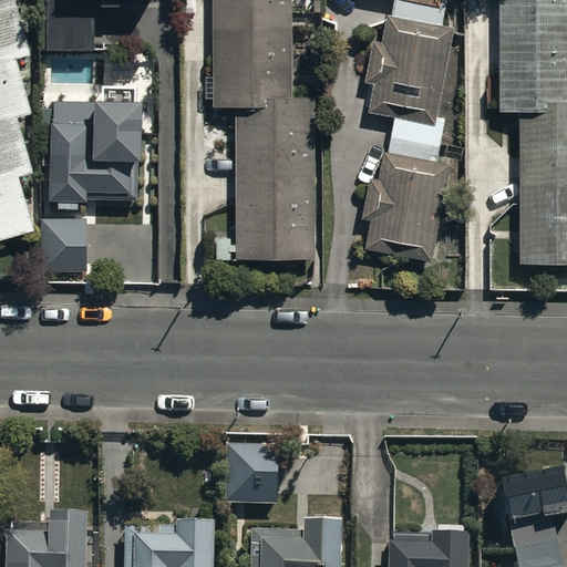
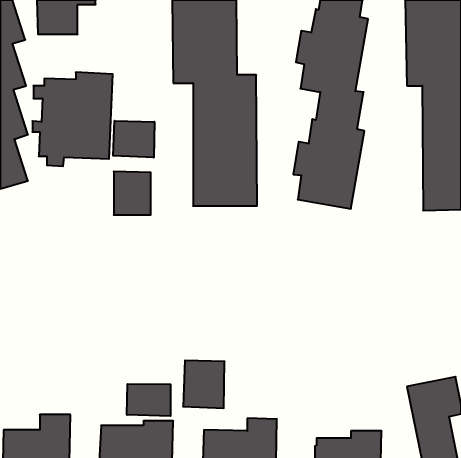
building: none -> [113,121,154,158]
building: [40,217,85,270] -> [114,171,151,215]
building: none -> [127,384,171,416]

